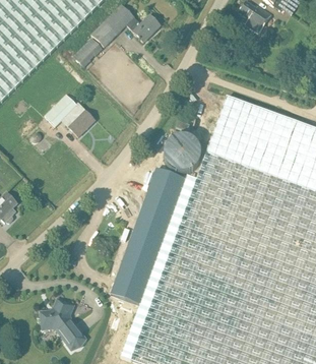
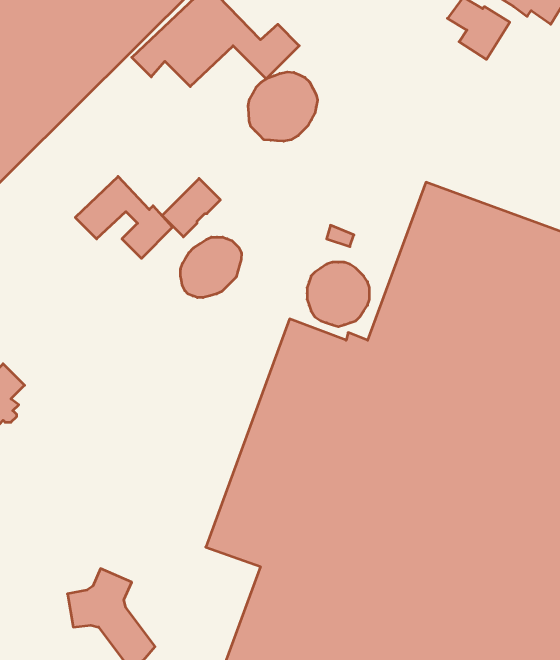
building: [72,37,103,67] -> [162,178,220,237]
building: none -> [248,72,318,141]
building: none -> [180,237,241,298]

